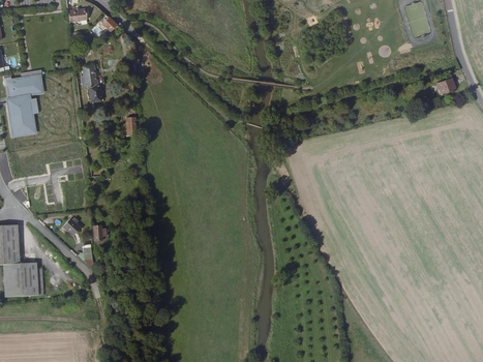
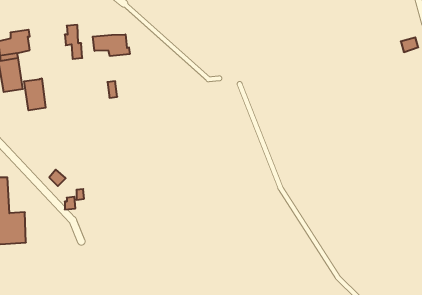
building: none -> [93,34,130,56]
building: none -> [24,78,46,110]

